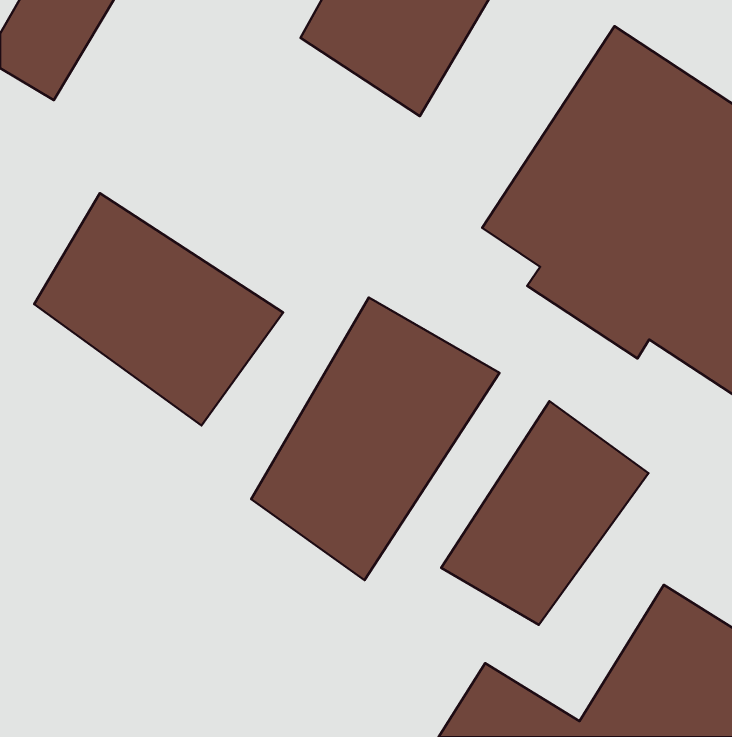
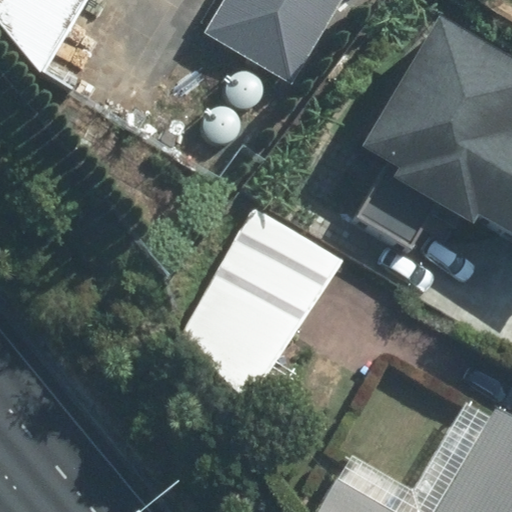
building: [34,193,283,425] -> none
building: [441,401,649,625] -> none

